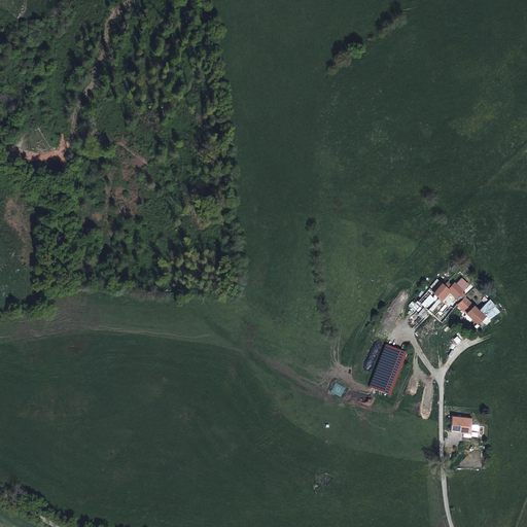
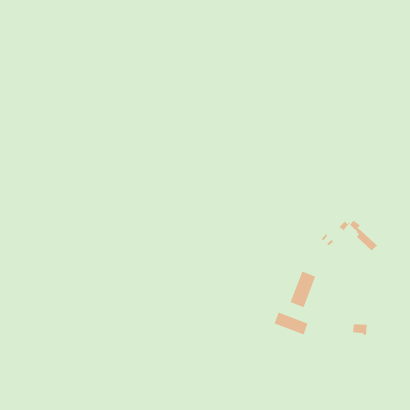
building: none -> [274,312,309,335]

